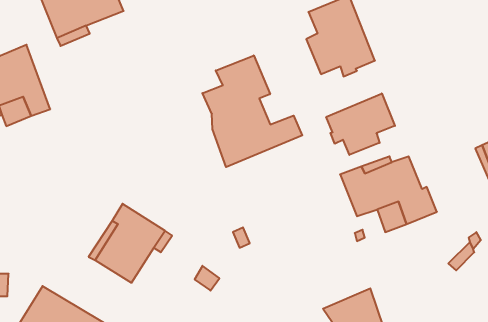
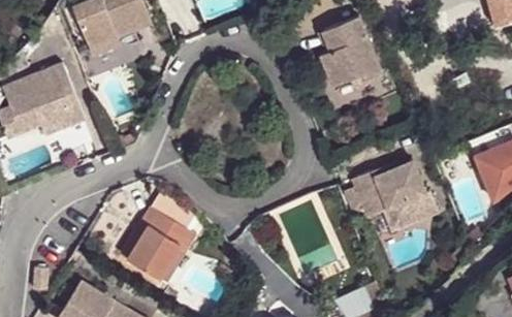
building: [202,55,302,167] -> none
building: [326,93,395,155] -> none

